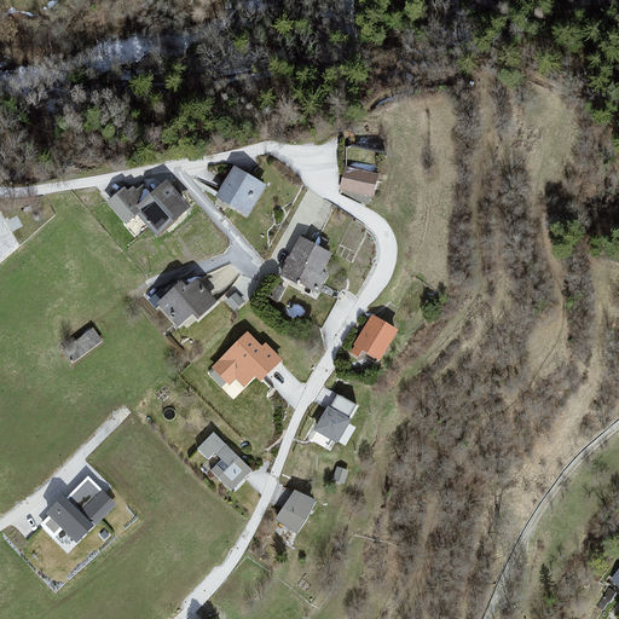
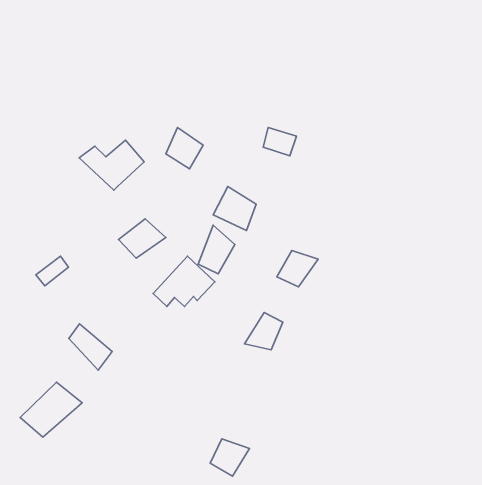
building: none -> [198,225,235,274]
building: [196,433,249,490] -> [69,324,112,370]
building: [272,486,320,532] -> [210,439,249,476]

